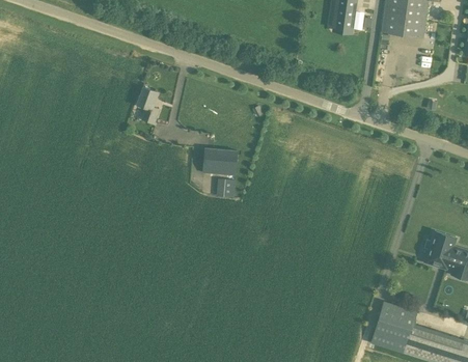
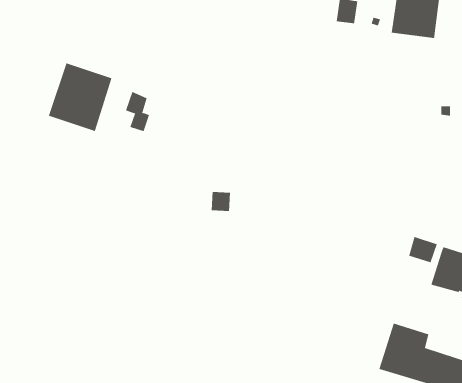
building: none -> [48,63,112,132]
building: [202,147,238,176] -> none
building: none -> [409,236,438,263]

